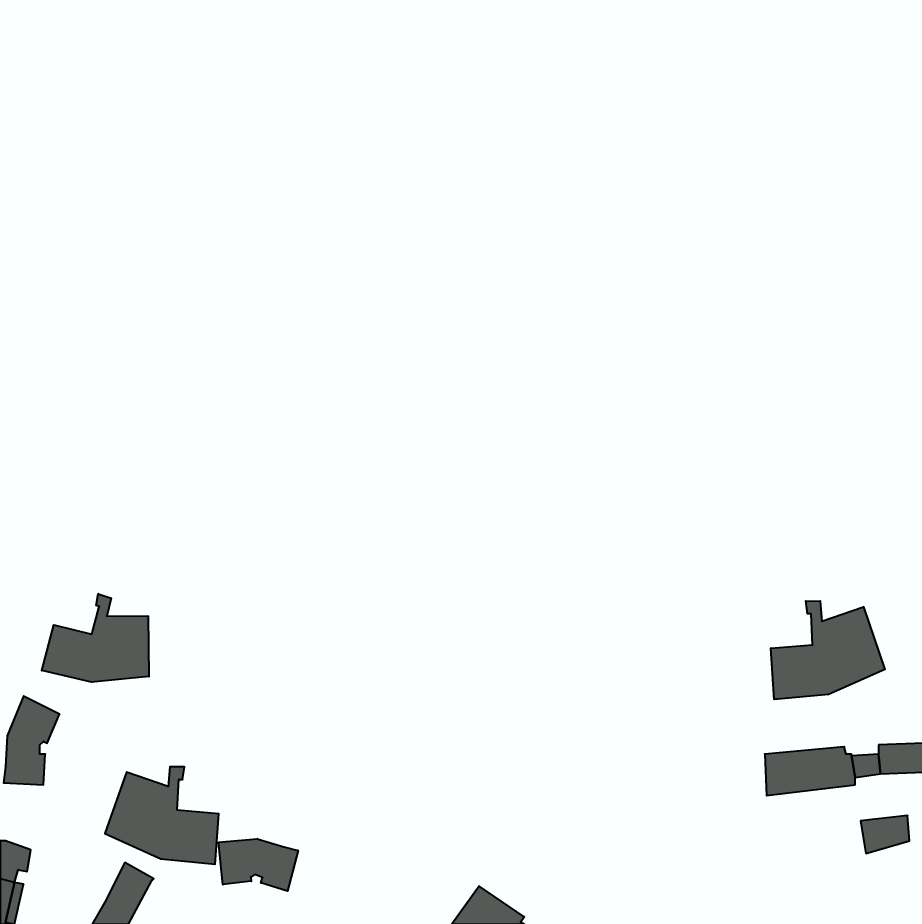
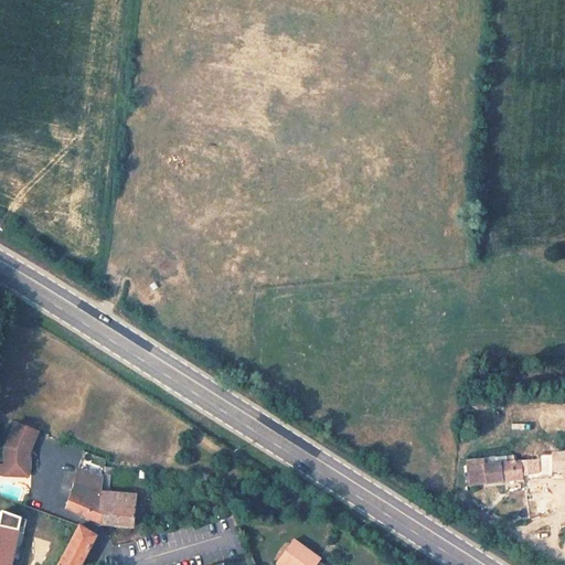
building: [42,594,149,682] -> none
building: [771,601,885,699] -> none
building: [219,839,298,891] -> none

